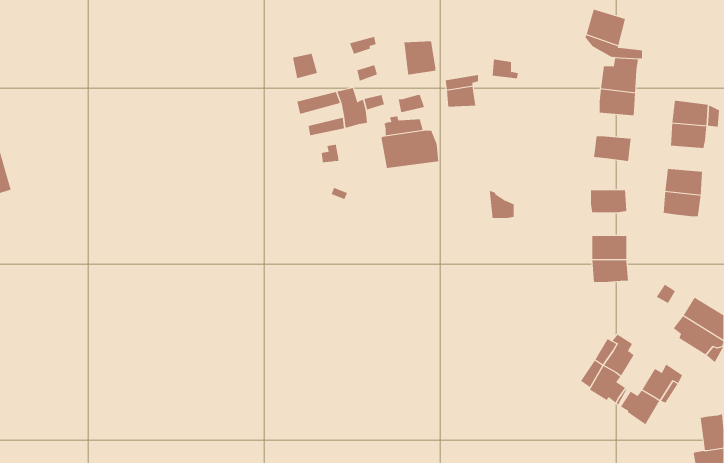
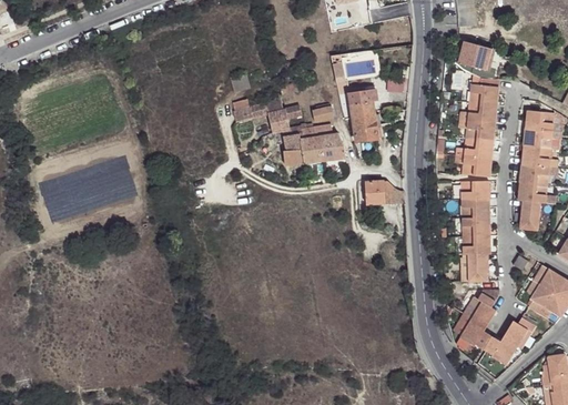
building: [403,41,436,75] -> [351,115,376,142]
building: none -> [466,121,496,141]
building: none -> [282,133,303,165]
building: none -> [521,146,550,166]
building: none -> [463,155,491,176]
building: none -> [364,181,385,204]
building: none -> [463,198,490,216]
building: none -> [520,200,541,227]
building: none -> [468,252,488,281]

